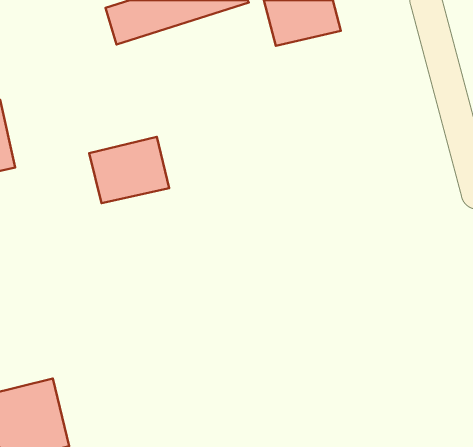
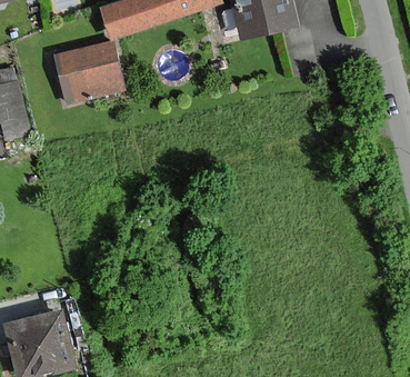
building: [89,137,169,203] -> [56,43,121,98]

